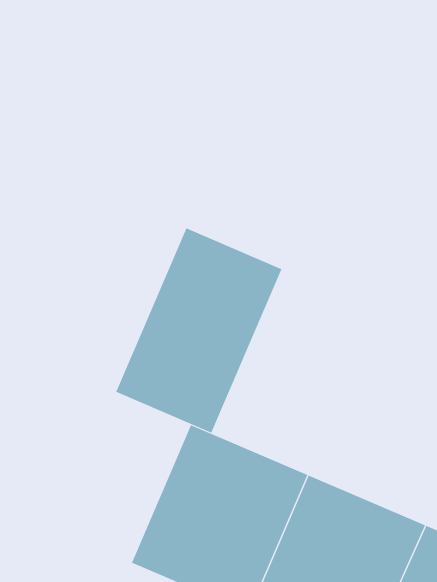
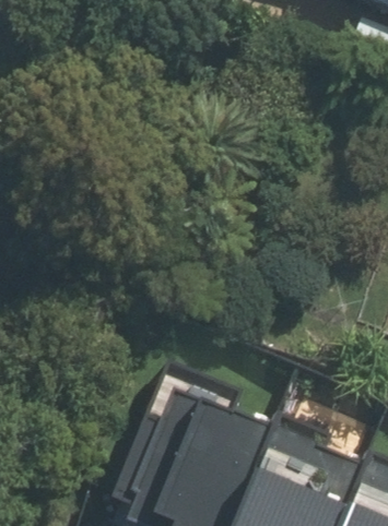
building: [115,227,282,433] -> none

